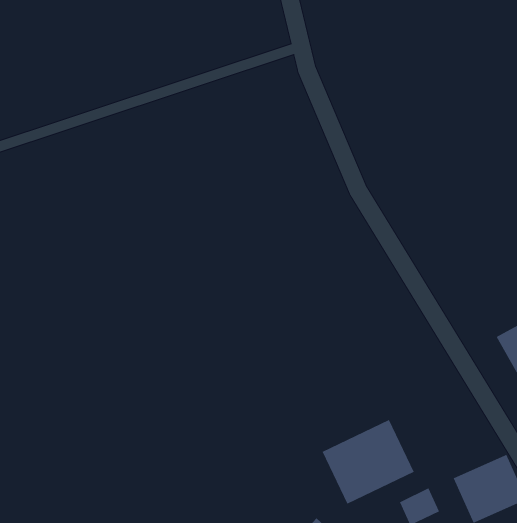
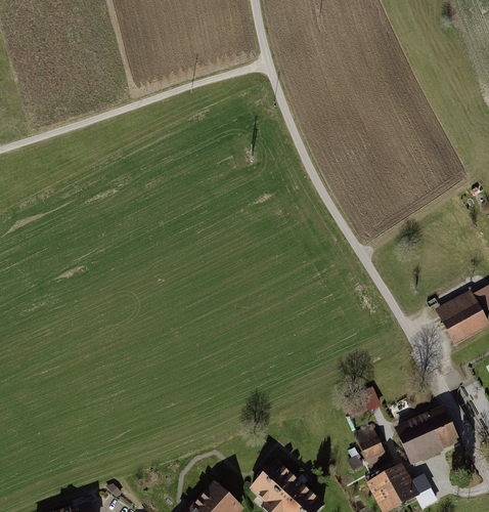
building: [322,419,415,505] -> none

